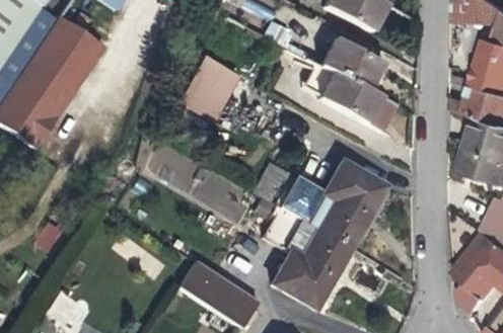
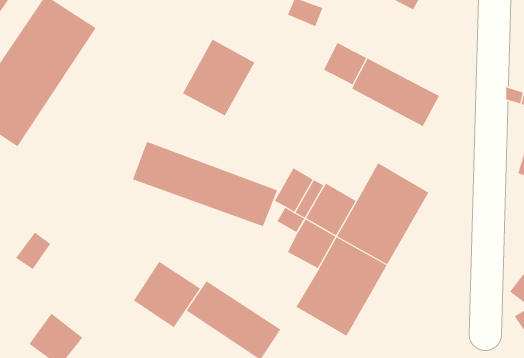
building: [321,39,382,91] -> none
building: none -> [133,261,201,328]

